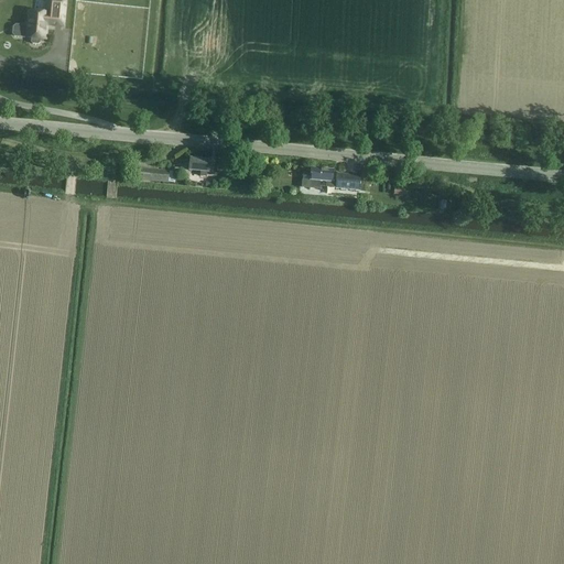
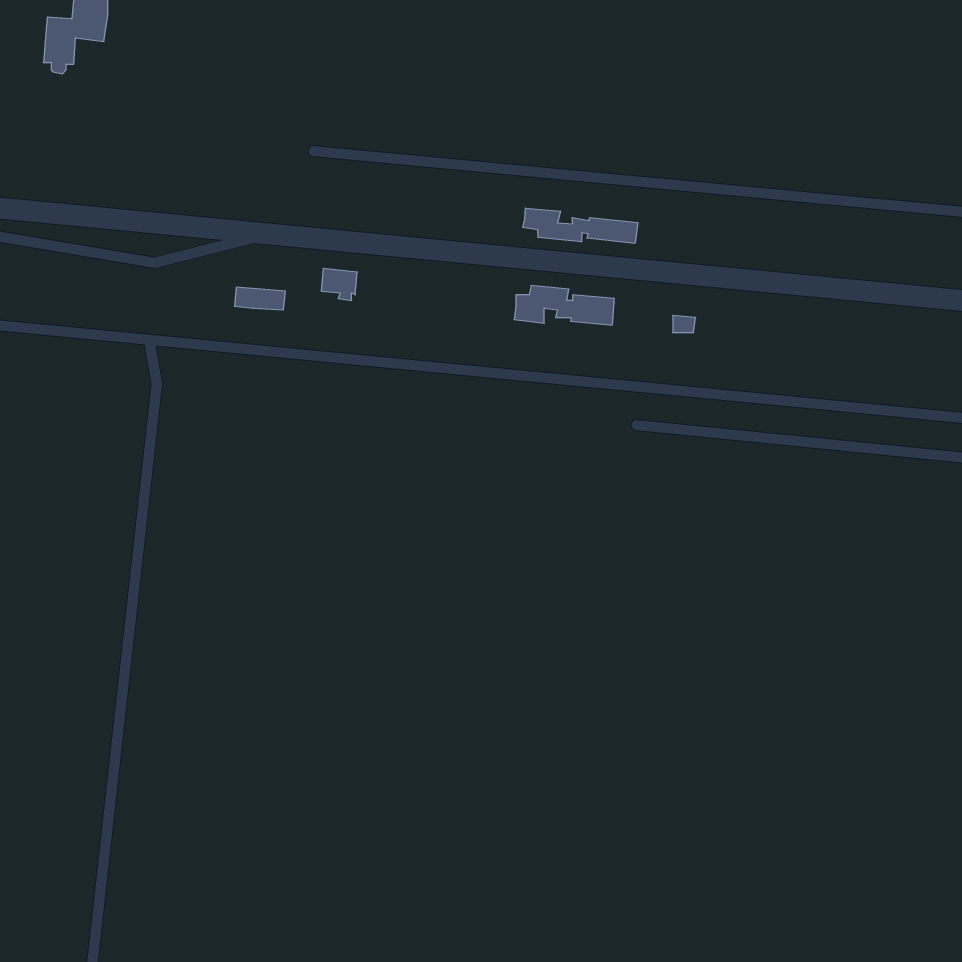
building: none -> [523,208,638,243]

